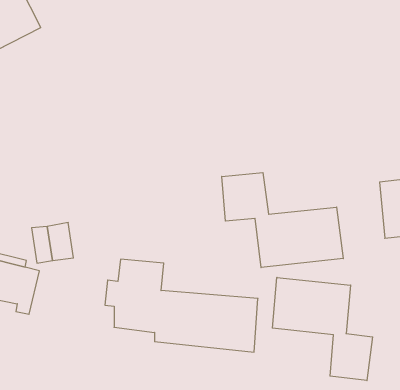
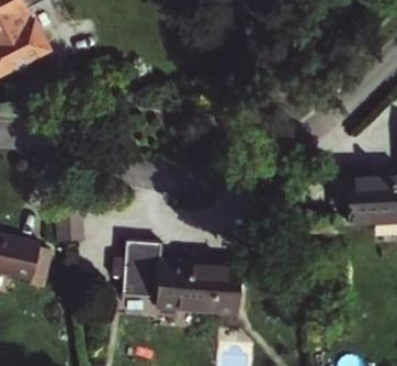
building: [222,173,343,268] -> none
building: [272,277,373,381] -> none

